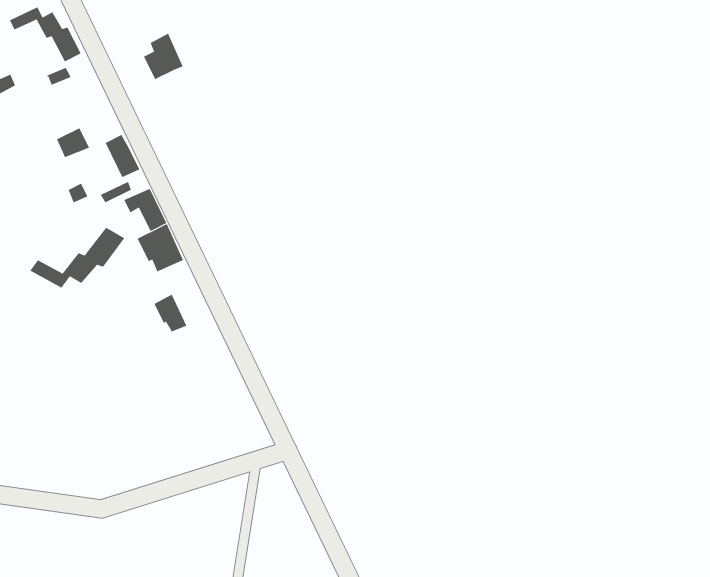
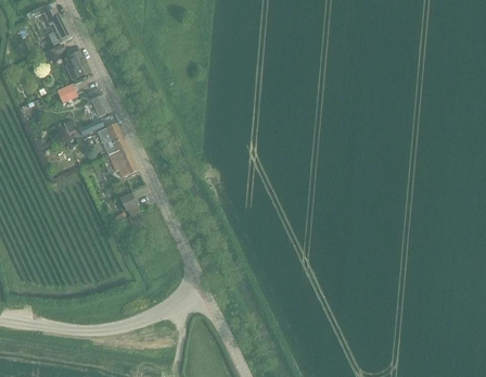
building: [143,33,183,80] -> [63,50,89,80]
building: [29,227,125,288] -> none

